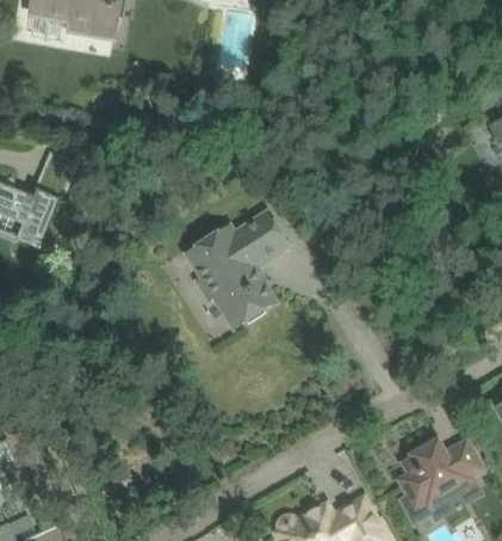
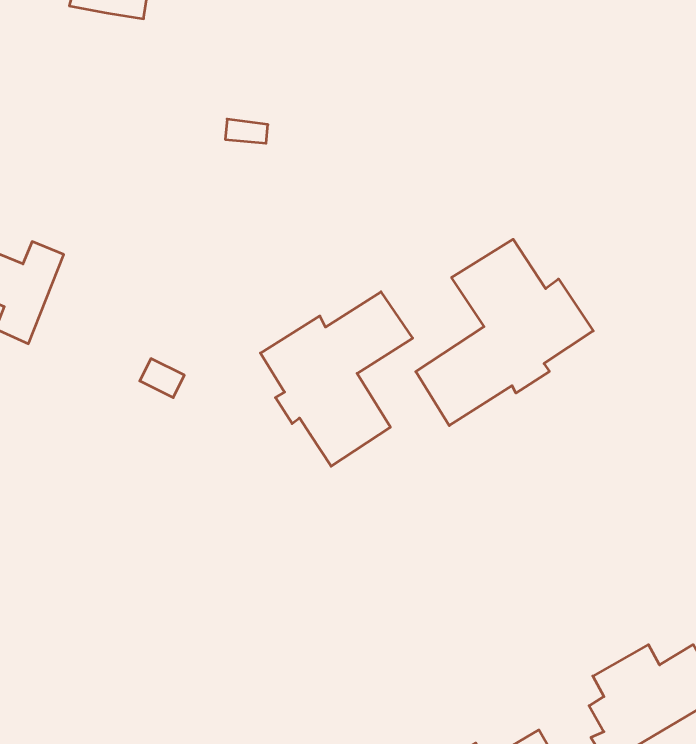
building: none -> [416,239,593,426]

